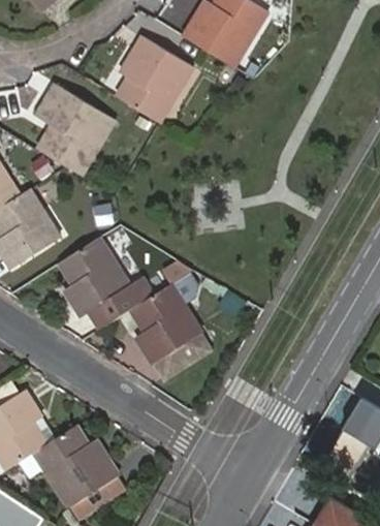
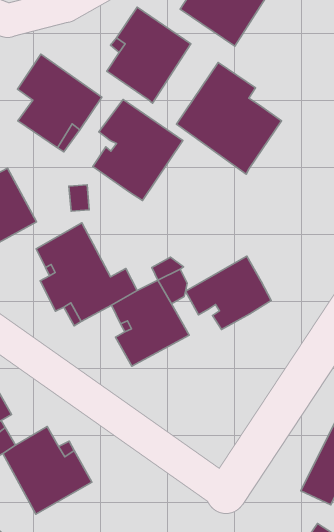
building: none -> [177,63,282,174]
building: none -> [93,99,183,201]
building: none -> [186,256,271,329]

